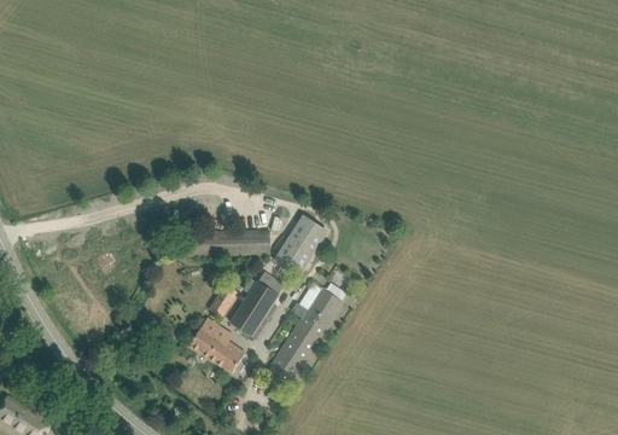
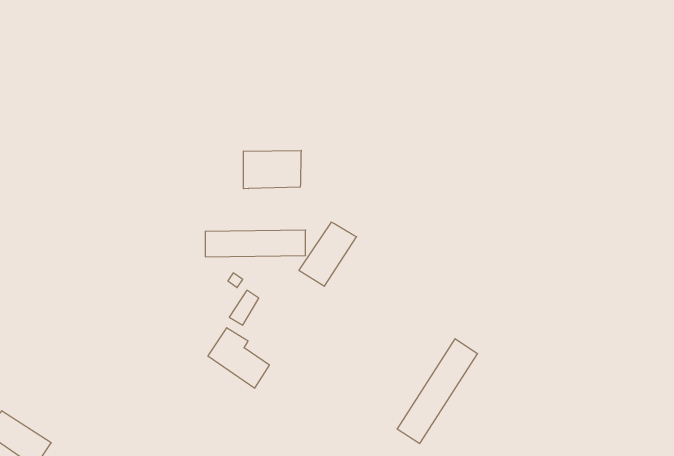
building: none -> [243,150,301,189]
building: [229,271,284,335] -> none
building: [269,289,342,383] -> [397,339,478,443]

